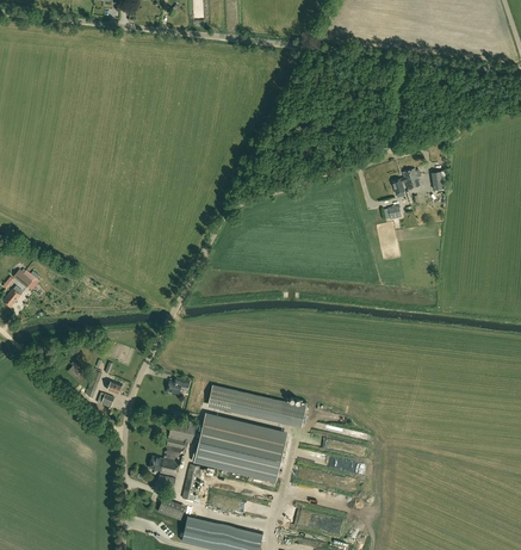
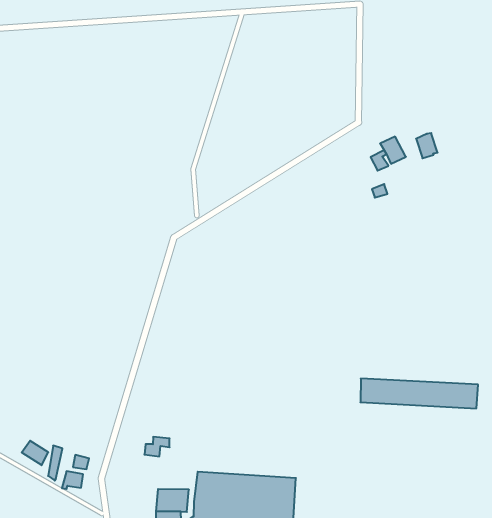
building: [209,387,306,427] -> [360,379,478,408]

